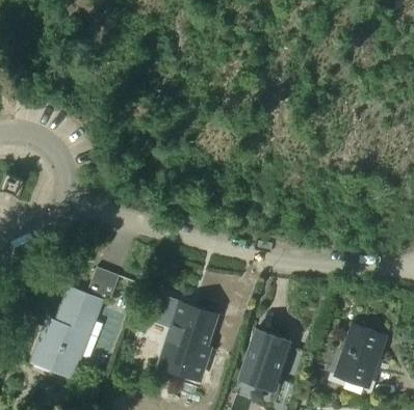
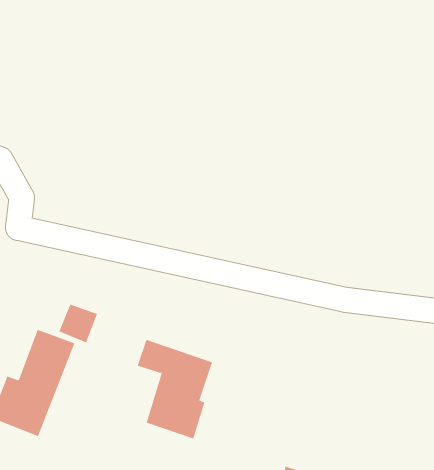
building: [337,325,386,387] -> none
building: [240,330,290,390] -> none

